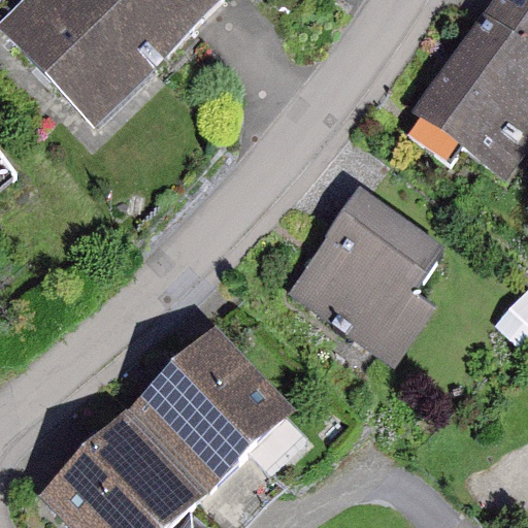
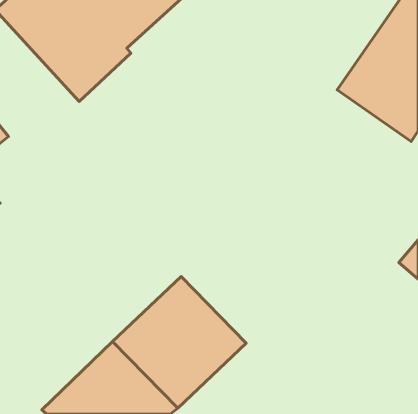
building: [279,183,437,357] -> none

